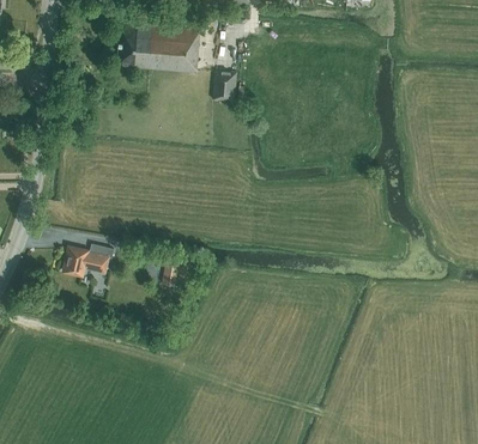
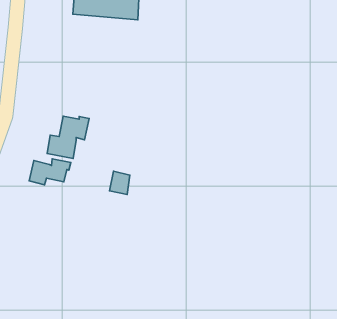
building: [212,71,236,99] -> none
building: none -> [47,116,89,158]

